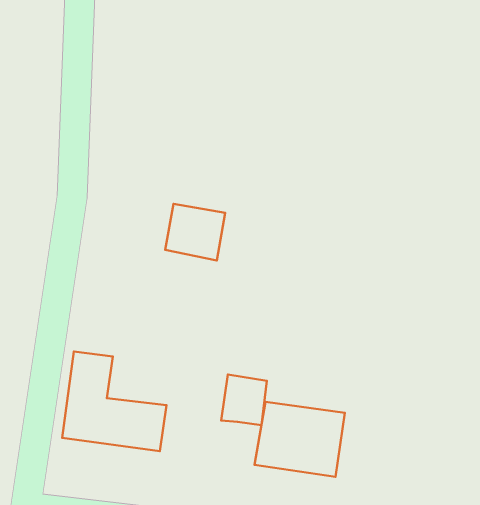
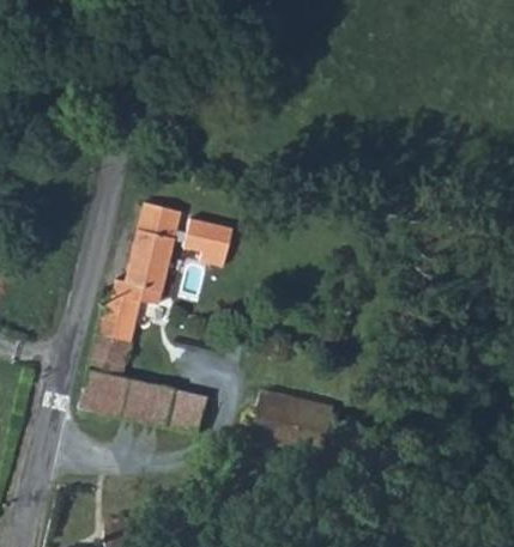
building: none -> [97,202,181,340]
building: [221,375,267,425] -> [164,387,207,433]

